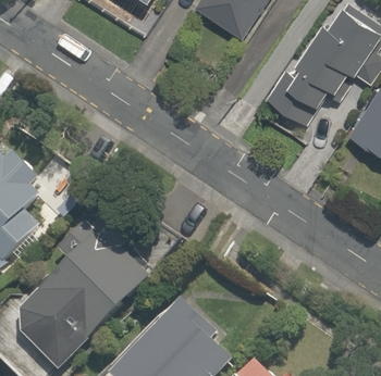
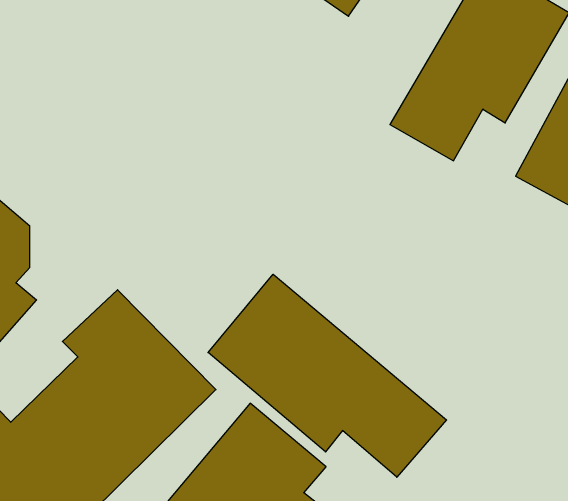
building: none -> [208,274,447,477]

